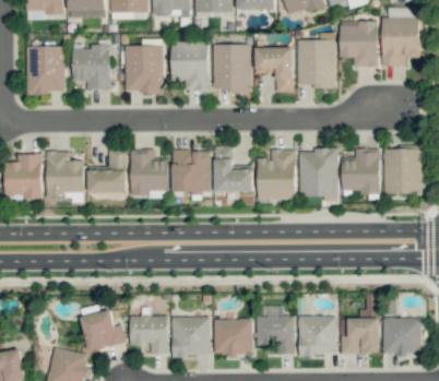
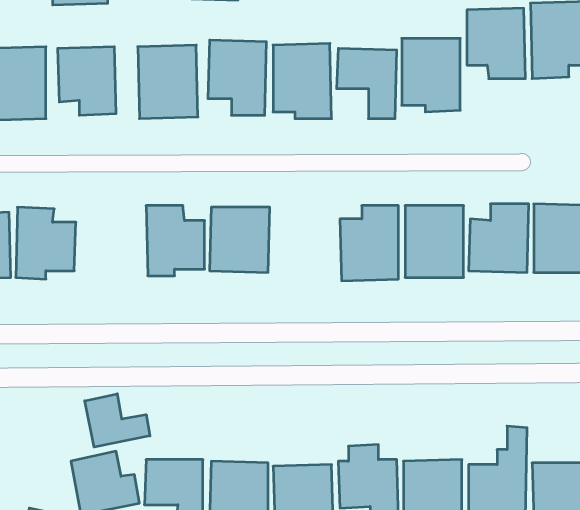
building: [214,146,253,192] -> none
building: [87,147,127,193] -> none
building: none -> [85,394,150,447]

